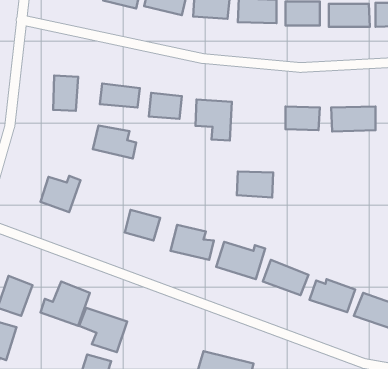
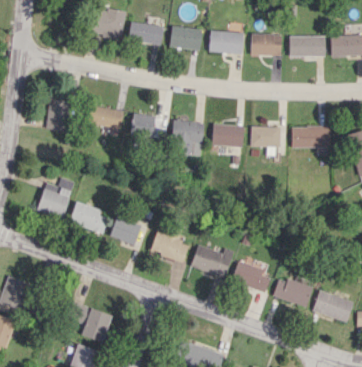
building: [93,125,136,158] -> [70,203,108,232]
building: [237,171,273,198] -> [213,124,245,147]
building: [41,281,90,326] -> none

